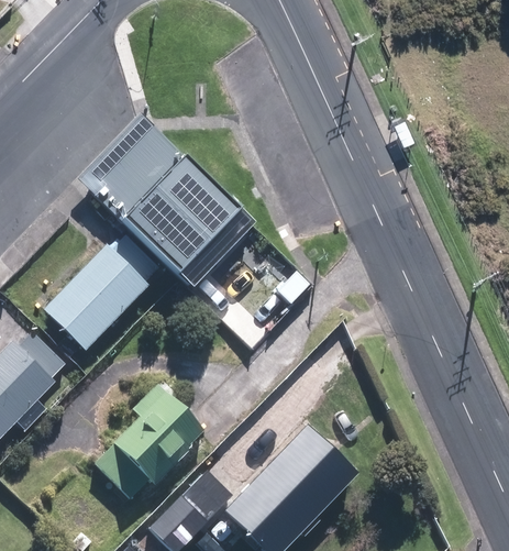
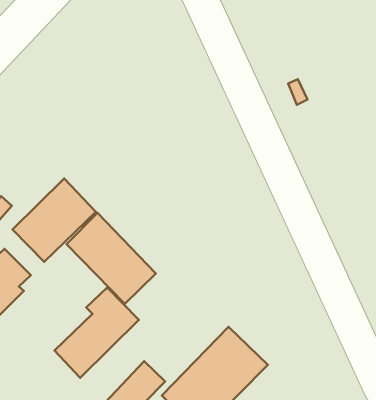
building: [89,126,251,291] -> none
building: none -> [66,213,156,304]

